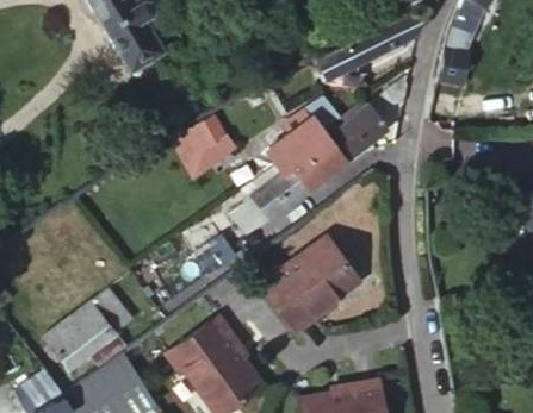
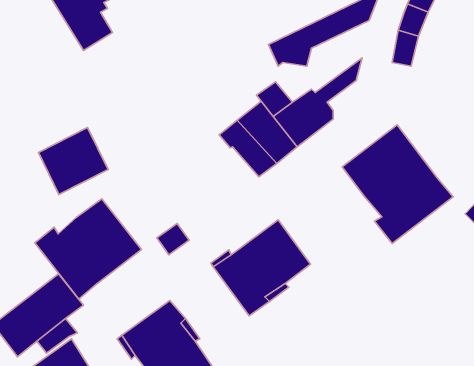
building: [168,108,237,175] -> [38,127,108,195]
building: none -> [342,125,453,243]
building: [229,163,308,234] -> none
building: none -> [35,199,142,299]

